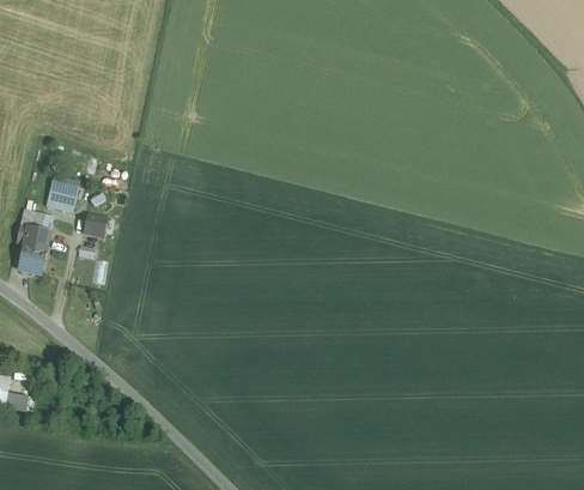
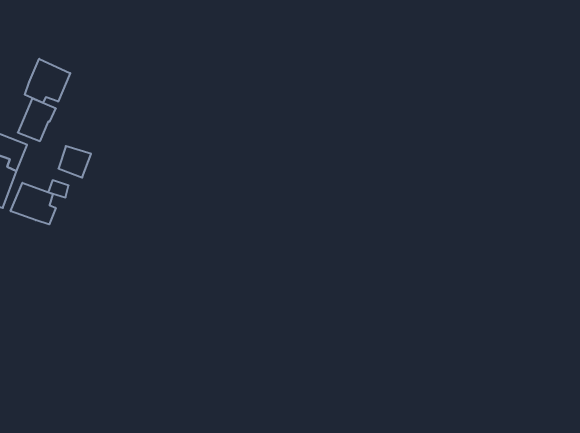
building: none -> [25,59,70,103]
building: none -> [11,183,56,224]

